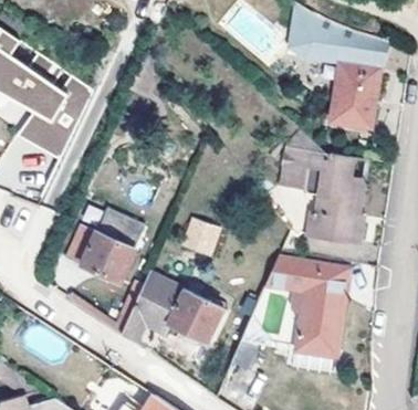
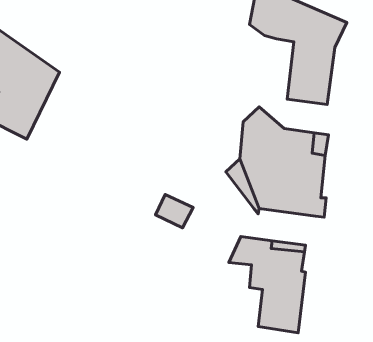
building: [63,217,145,291] -> none
building: [121,275,223,345] -> none

